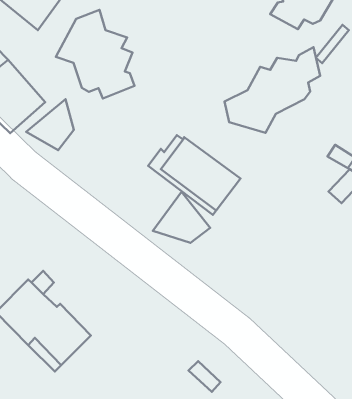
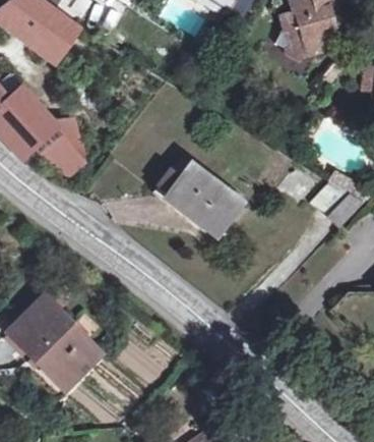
building: [56,10,135,98] -> none
building: [224,47,320,133] -> none
building: [153,192,210,243] -> none

